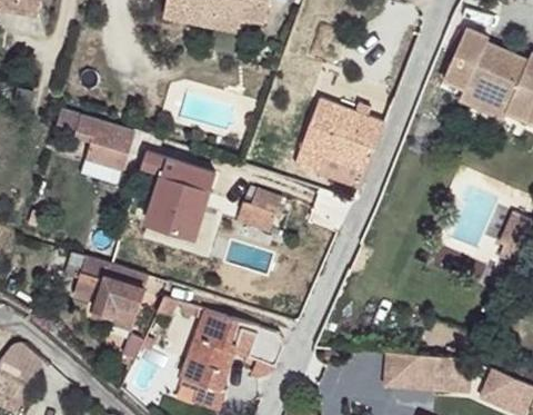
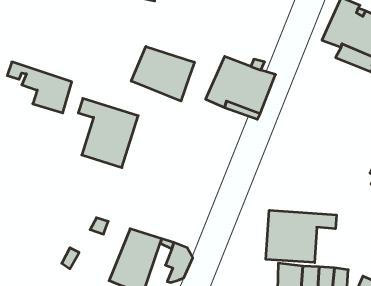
building: none -> [131,46,194,101]
building: [237,188,281,231] -> none
building: [68,250,149,314] -> none
building: none -> [266,210,336,263]

